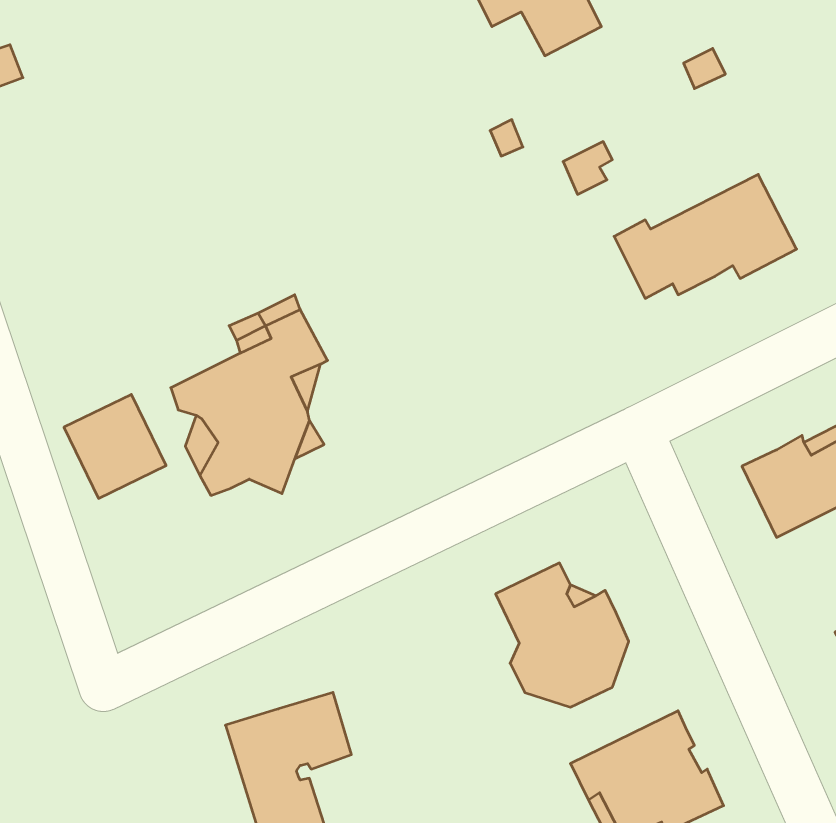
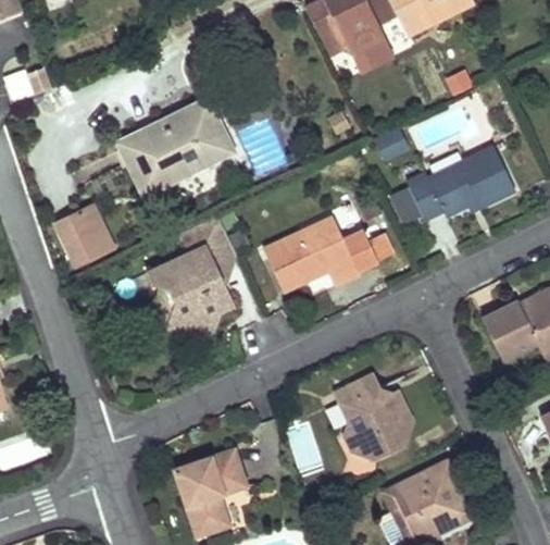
building: none -> [118,98,228,194]
building: none -> [263,215,395,290]
building: [64,394,166,498] -> [55,205,116,267]

